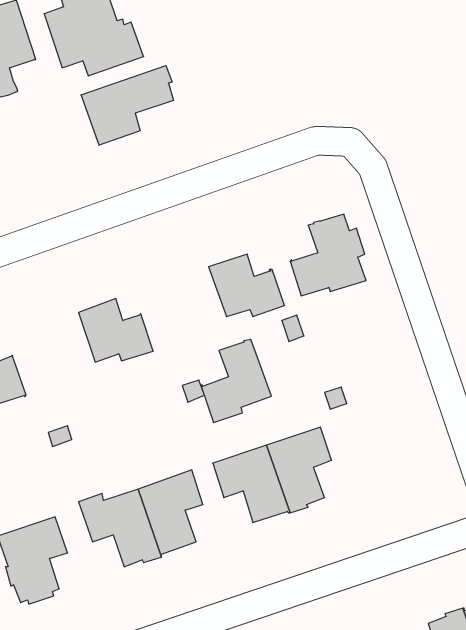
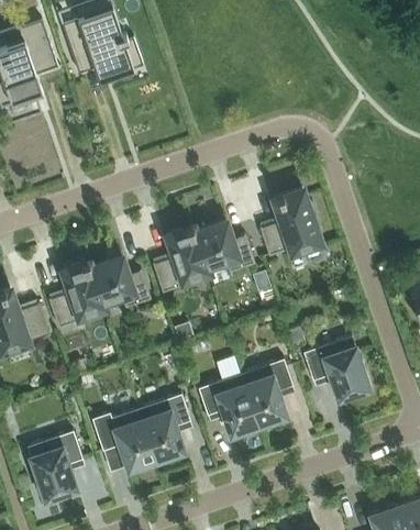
building: [81,66,174,145] -> none
building: none -> [48,262,104,328]
building: [201,339,271,422] -> [153,227,209,292]
building: none -> [303,336,369,400]

